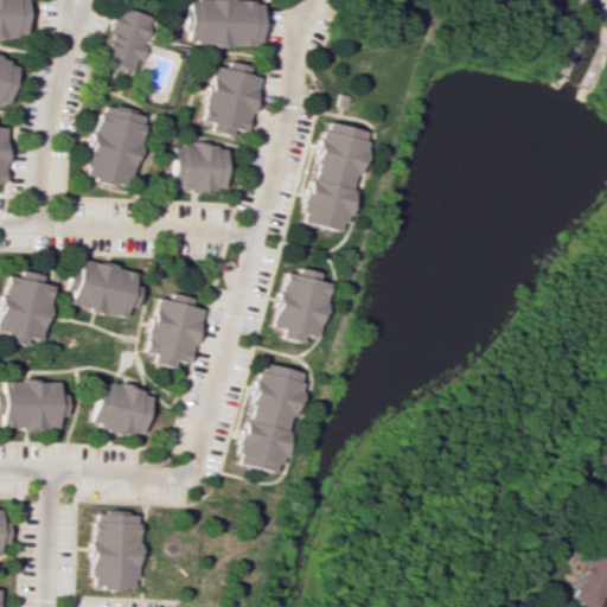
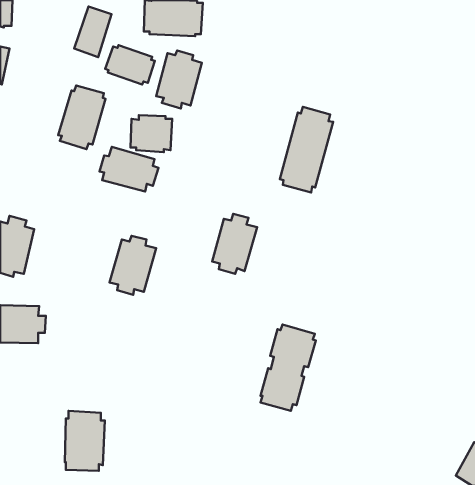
building: none -> [105,45,155,85]
building: [306,123,372,230] -> [280,107,333,192]
building: [74,260,147,315] -> [99,147,158,191]
building: [242,365,311,473] -> [260,324,316,411]
building: [97,384,153,436] -> none

